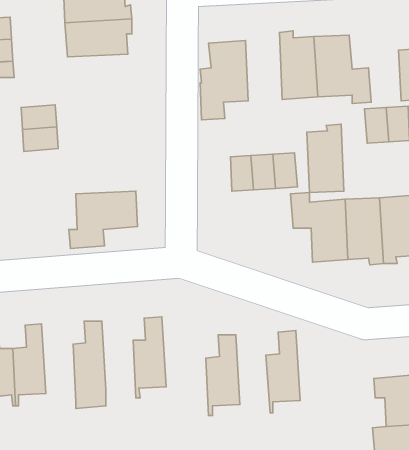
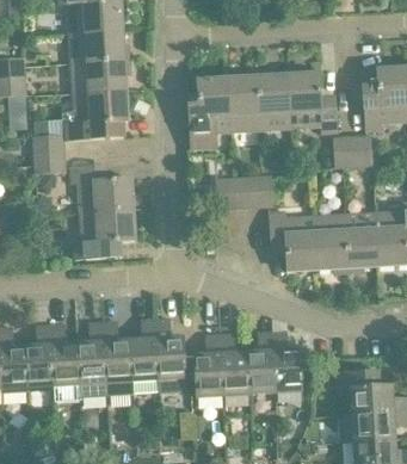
building: none -> [66,89,127,140]
building: [307,124,344,192] -> [228,70,260,130]
building: none -> [69,165,132,211]
building: none -> [155,317,186,394]
building: none -> [103,321,132,390]
building: none -> [50,324,80,392]
building: none -> [272,330,302,400]
building: none -> [220,333,249,402]

